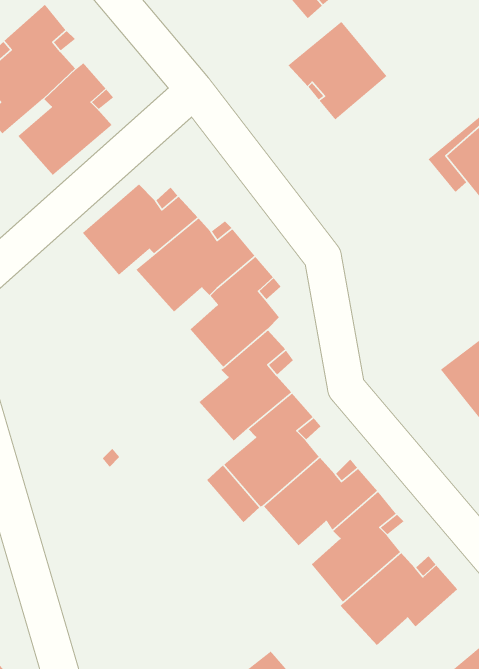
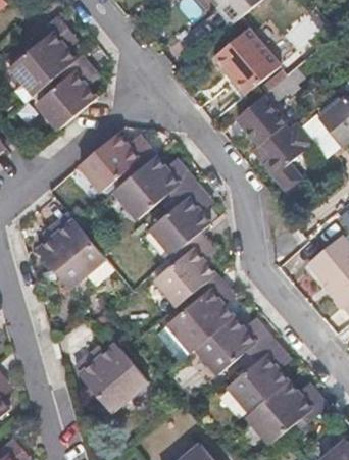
building: none -> [238,45,333,188]
building: none -> [39,216,107,292]
building: none -> [72,345,145,411]

